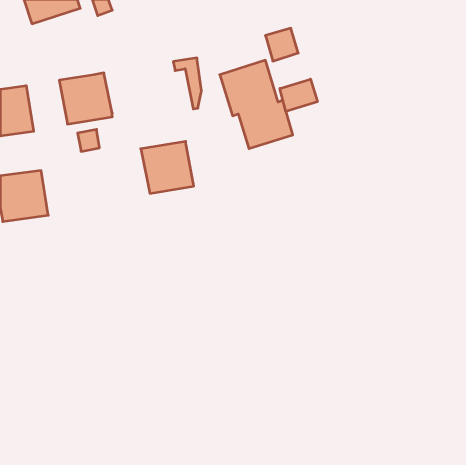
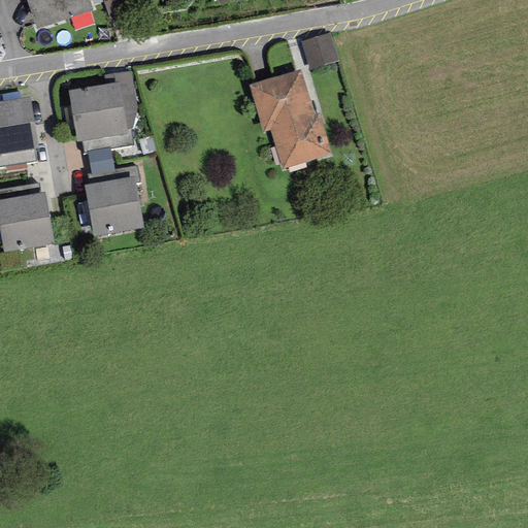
building: [173,58,201,109] -> [104,70,136,128]
building: [280,79,317,112] -> none
building: [141,141,194,193] -> [84,177,143,236]

